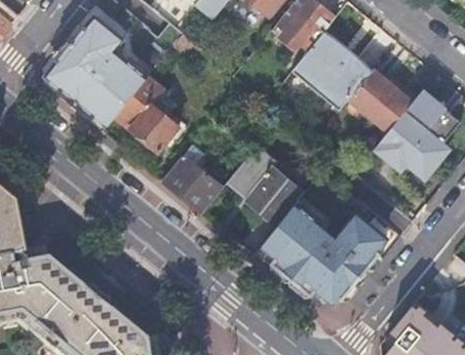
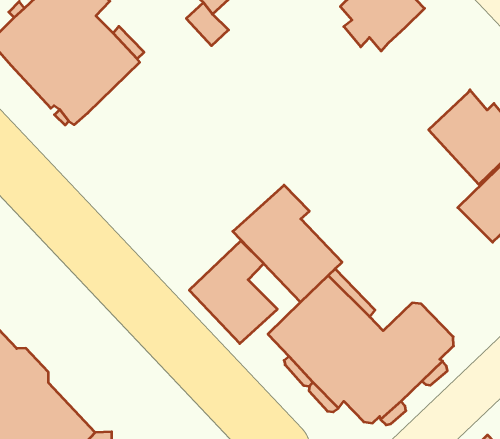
building: [293,32,371,108] -> none
building: [114,77,183,153] -> none
building: [160,145,222,214] -> [189,241,277,344]

